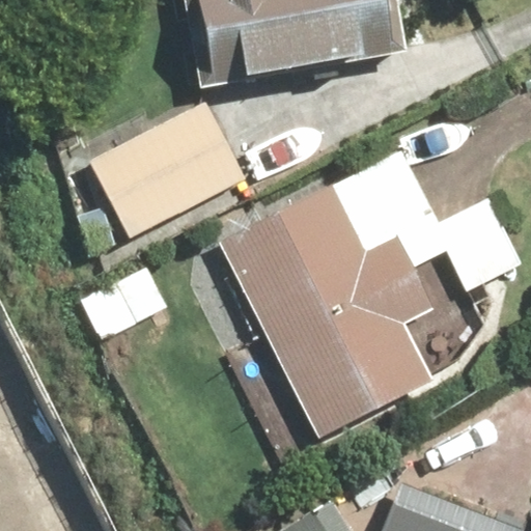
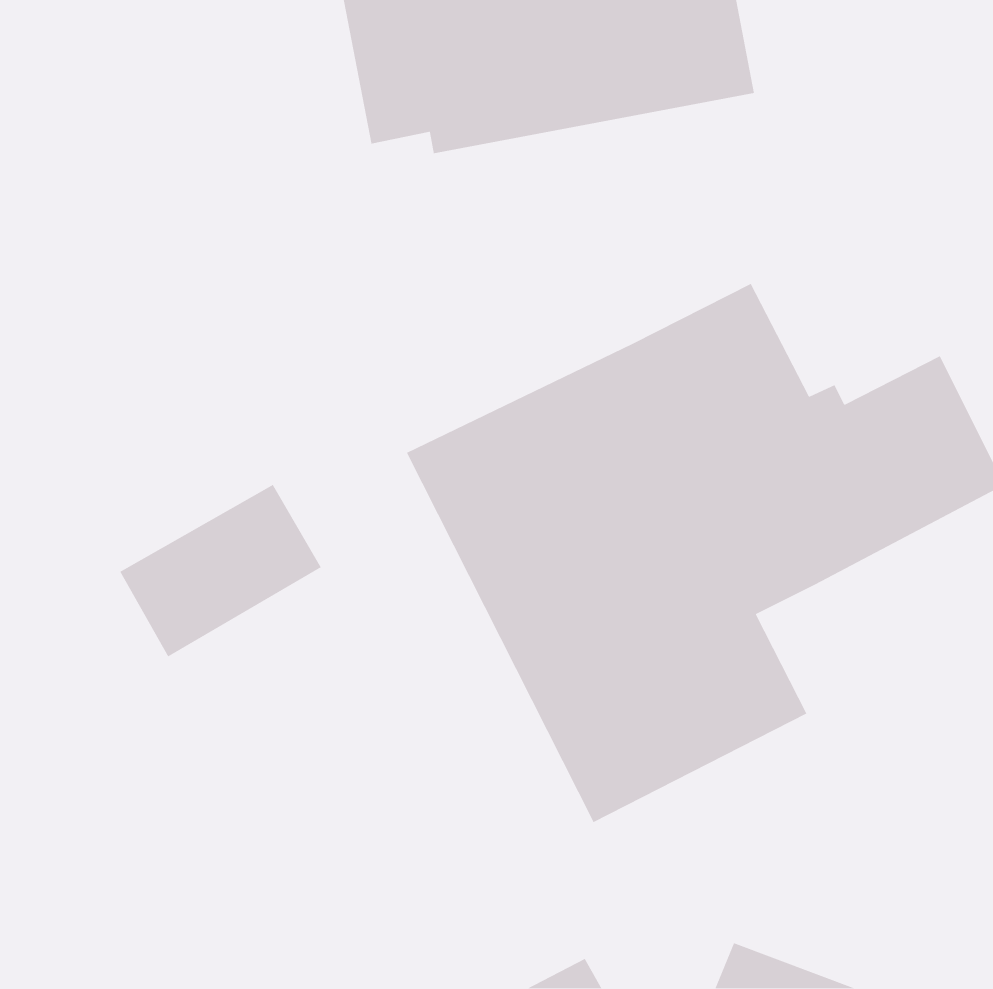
building: [88,99,253,247] -> none

